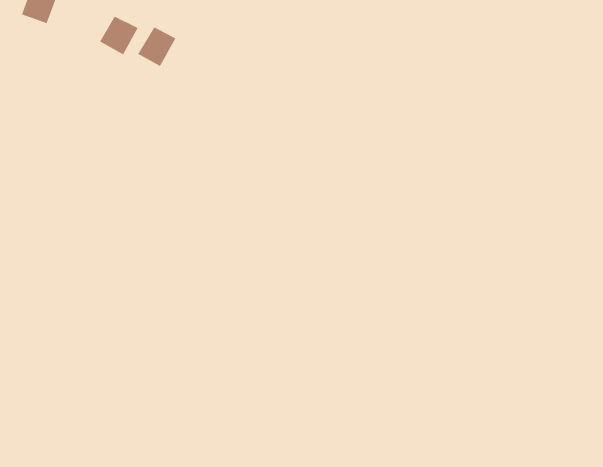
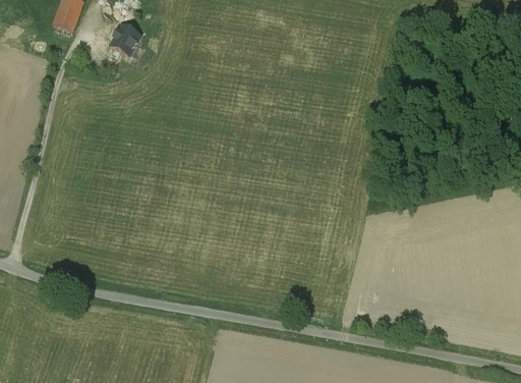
building: [138,27,176,67] -> none

